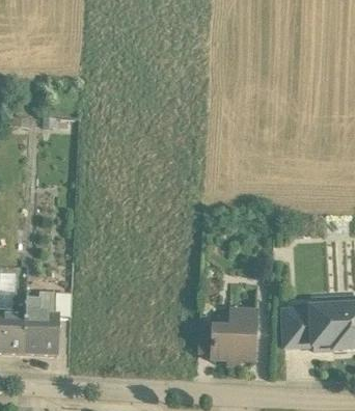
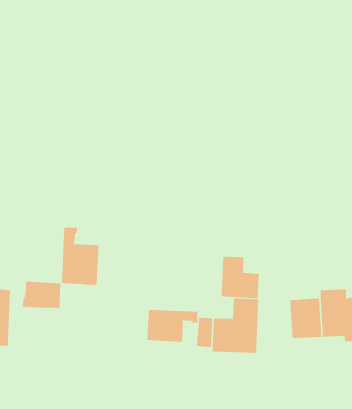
building: none -> [221,256,259,299]
building: [24,301,59,355] -> [61,227,100,286]
building: none -> [147,309,198,343]

